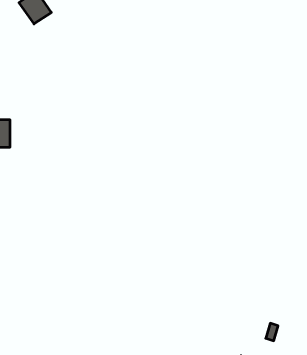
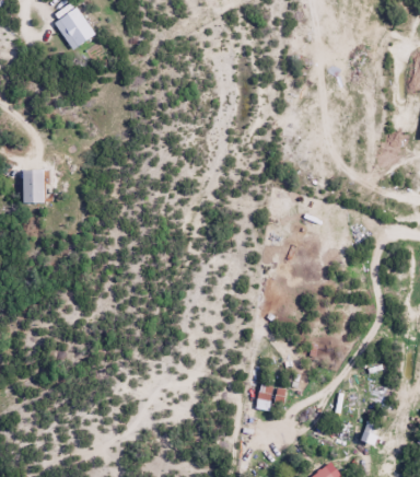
building: none -> [258,384,285,404]

